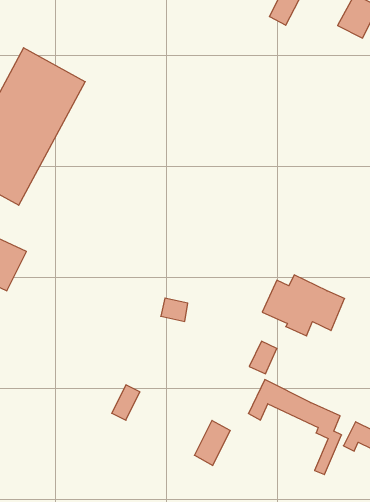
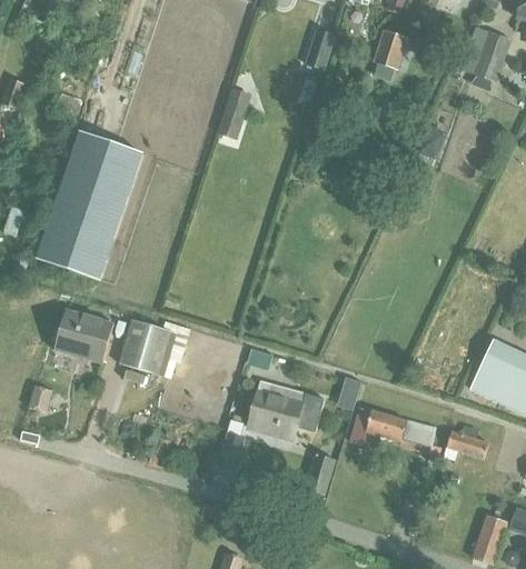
building: none -> [218,88,250,139]
building: none -> [118,319,185,373]
building: [262,275,345,336] -> [247,383,322,439]

